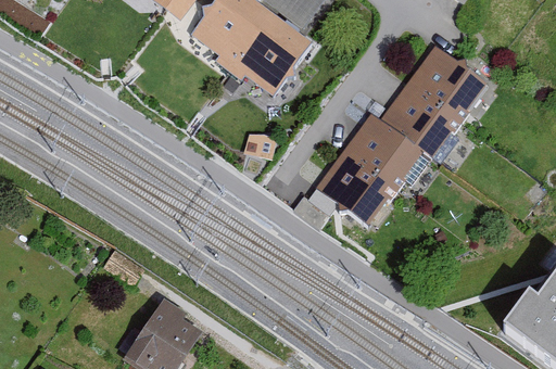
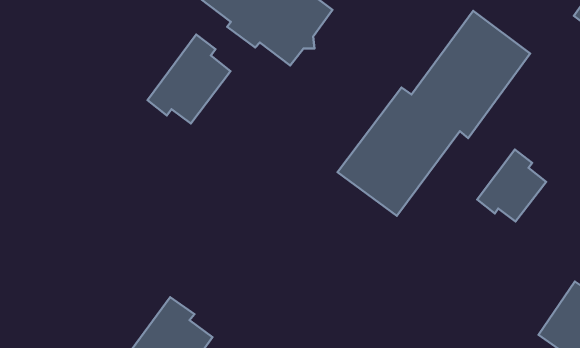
building: none -> [147,35,231,123]
building: none -> [477,150,546,222]

